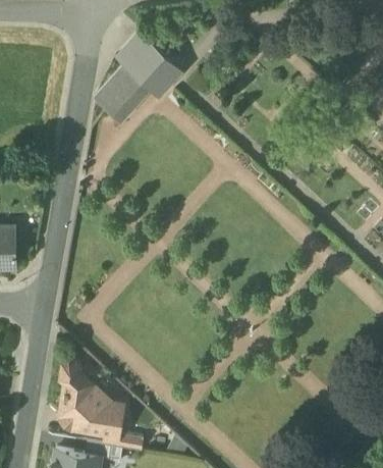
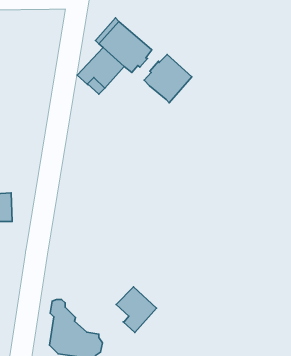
building: none -> [144,54,192,103]
building: none -> [116,287,157,332]

